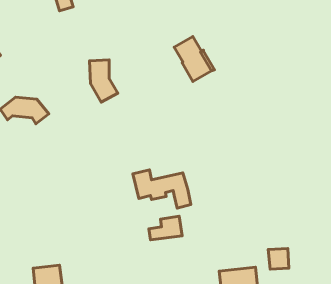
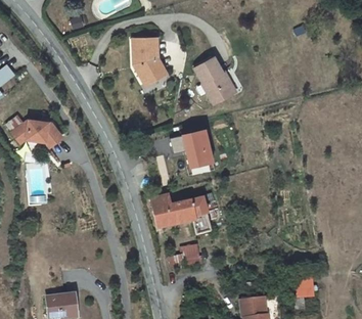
building: [89,60,118,102] -> [134,38,164,82]
building: none -> [177,124,211,171]

